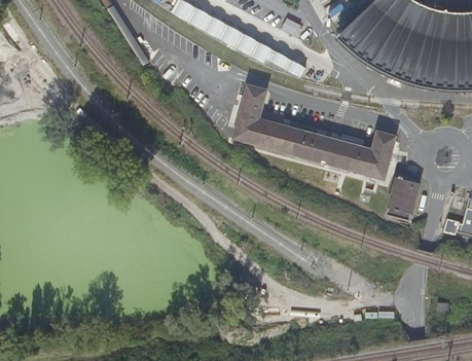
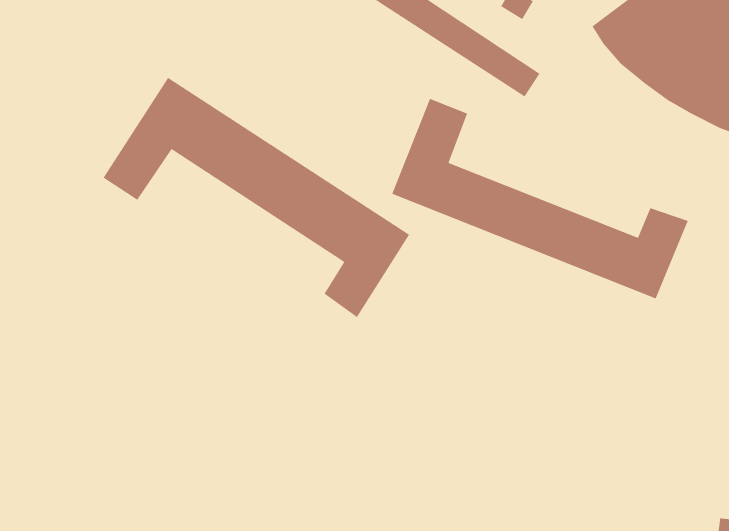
building: none -> [102,77,410,318]
building: [388,178,424,217] -> none

